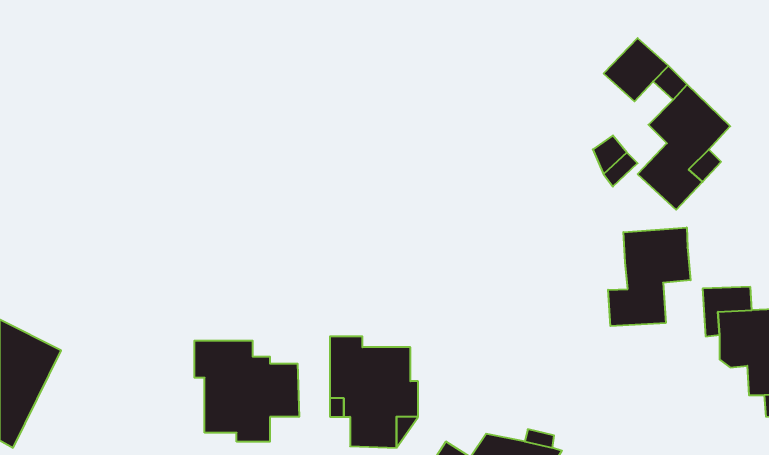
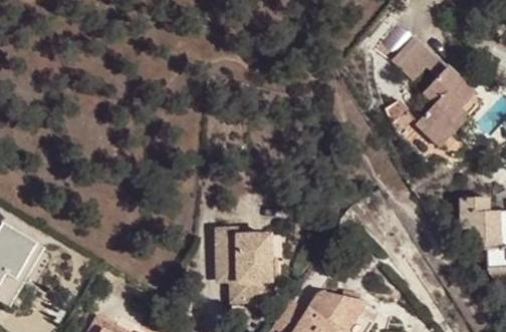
building: [608,227,691,326] -> none
building: [194,341,299,442] -> none

